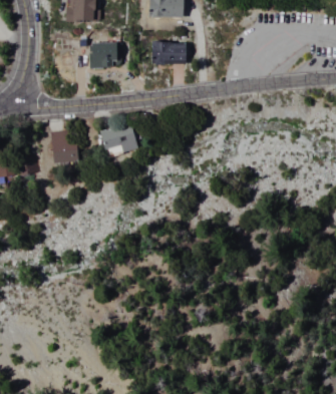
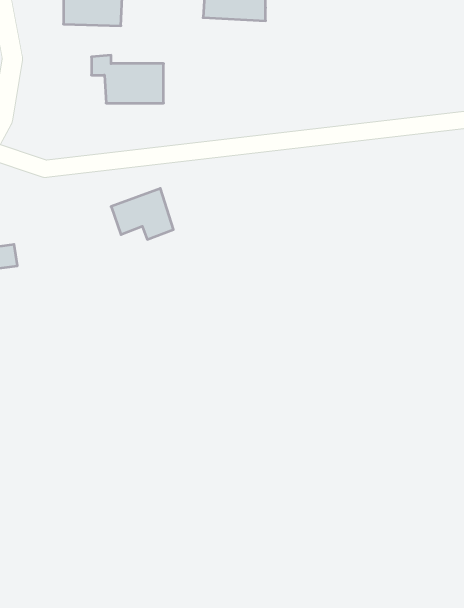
building: [146,42,192,63] -> none
building: [48,131,75,161] -> none

